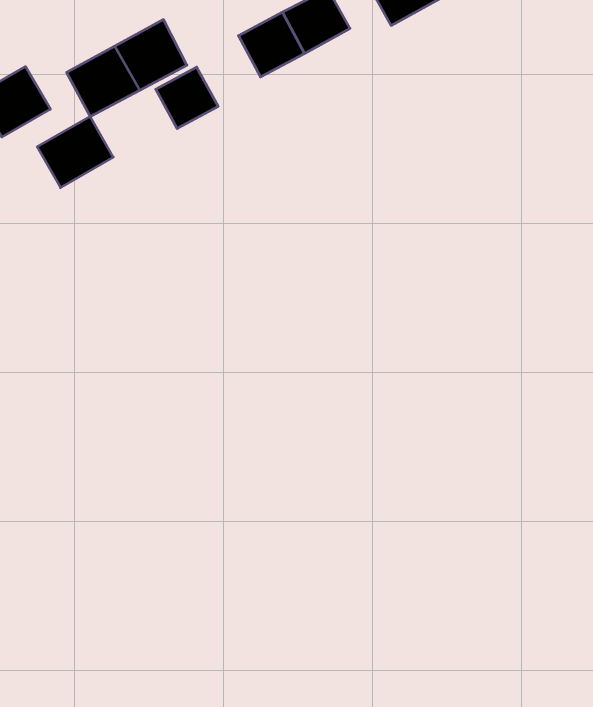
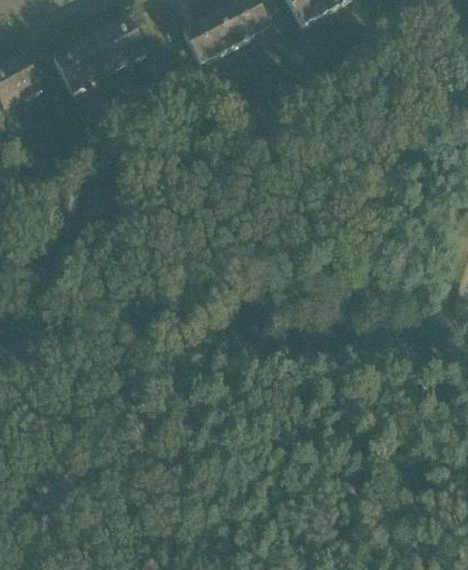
building: [156,67,218,129] -> none
building: [37,117,113,188] -> none

